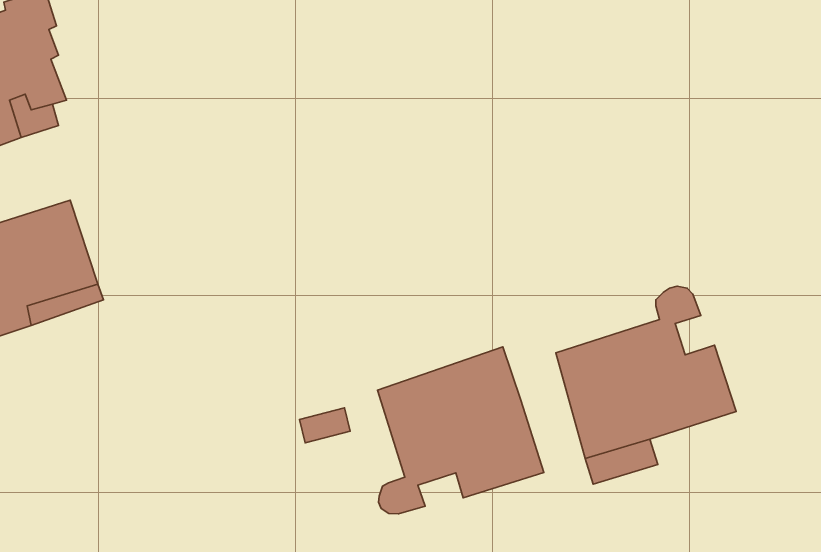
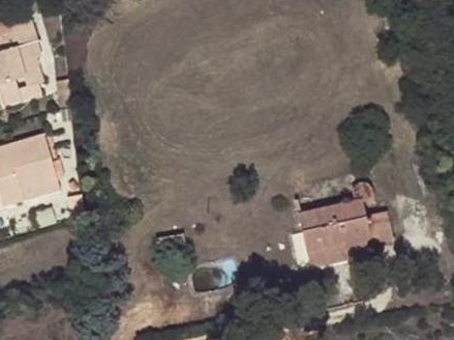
building: [377,347,544,514] -> none

